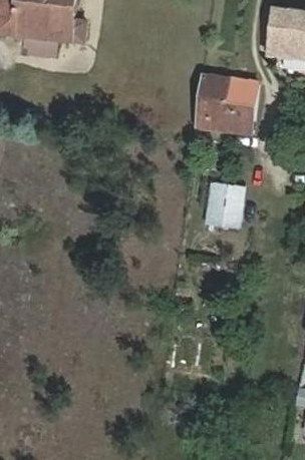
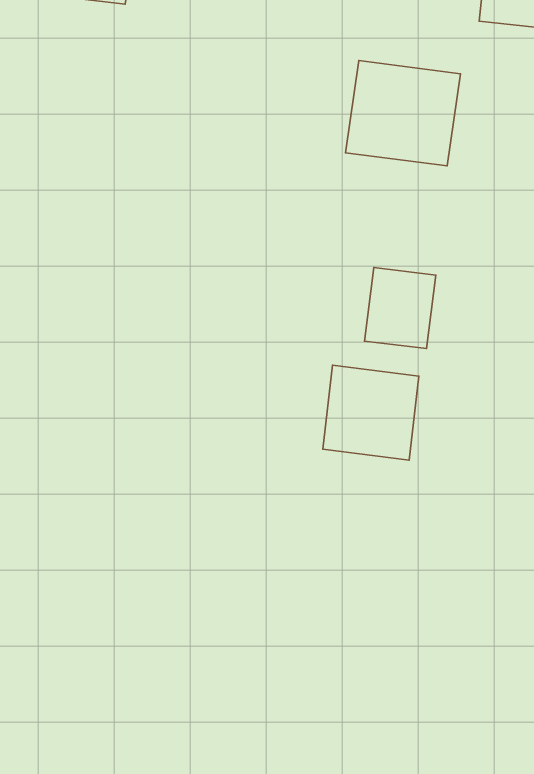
building: none -> [323,365,419,460]

